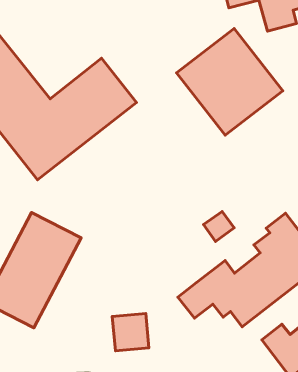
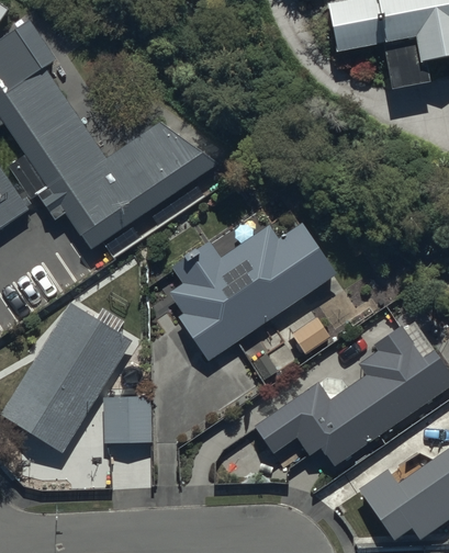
building: [177,29,283,135] -> none
building: none -> [169,224,334,360]
building: [112,314,149,351] -> [103,397,148,443]

